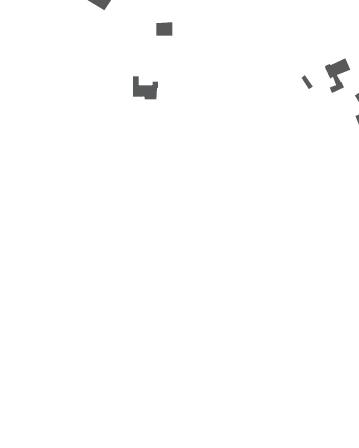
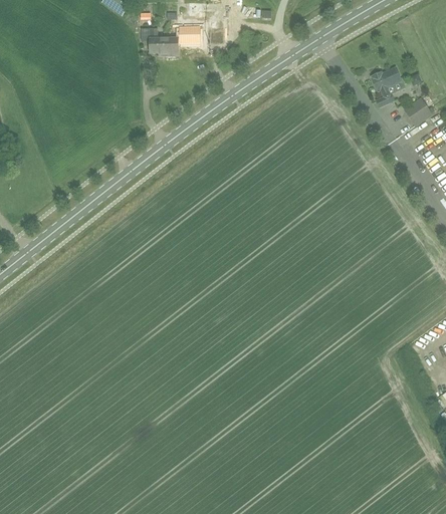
building: [132,76,159,100] -> [149,27,179,54]

